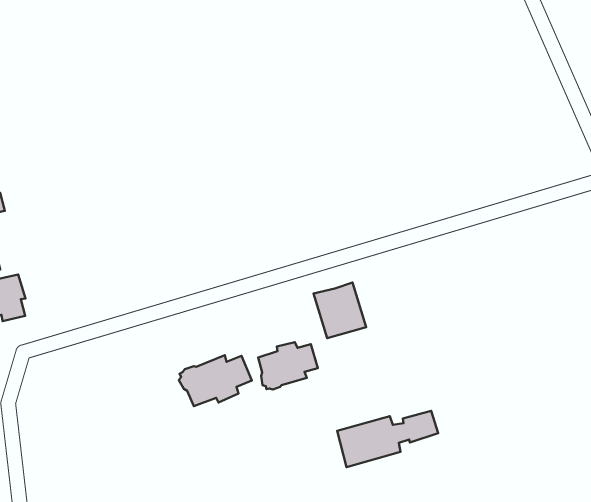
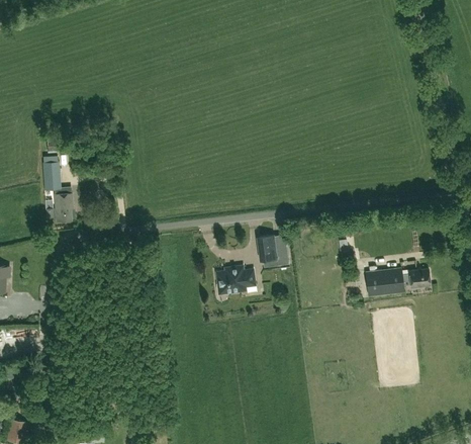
building: [179,355,252,406] -> none
building: [337,411,438,467] -> [366,268,431,296]

